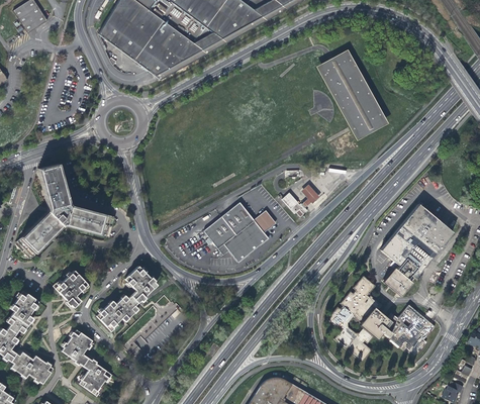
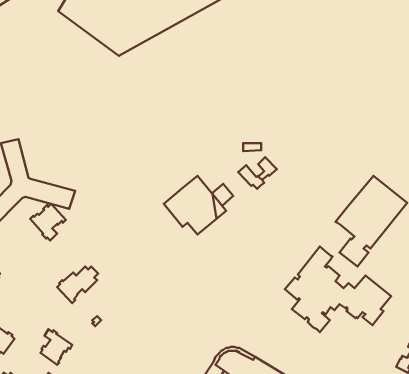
building: [317,48,390,139] -> none
building: [125,265,157,301] -> none
building: [54,270,90,307] -> [30,204,66,241]
building: [62,329,92,365] -> none

